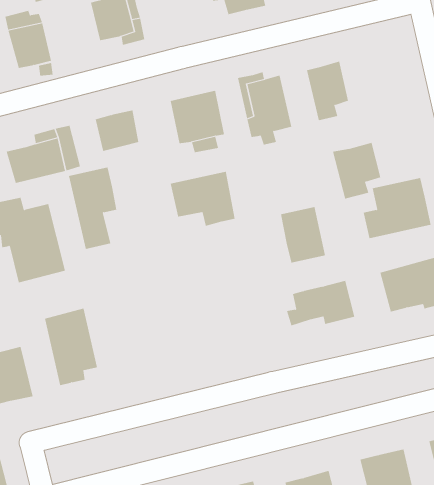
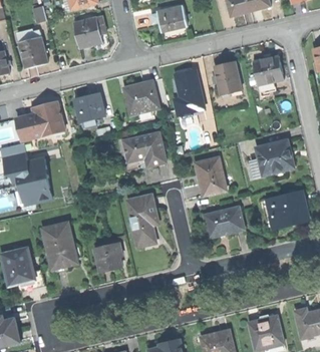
building: [332,142,381,199] -> [252,56,284,93]
building: [68,167,117,250] -> [126,193,158,247]
building: none -> [92,242,121,271]

